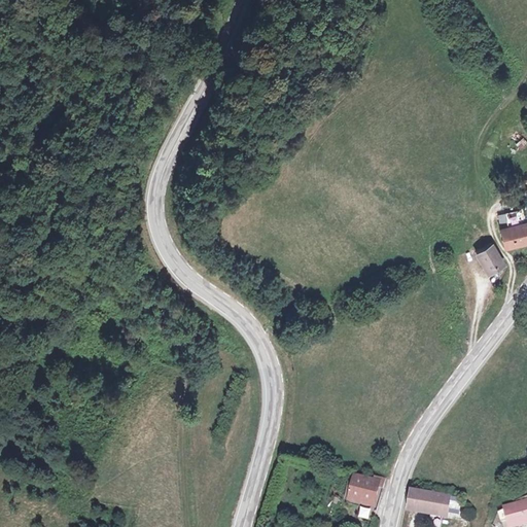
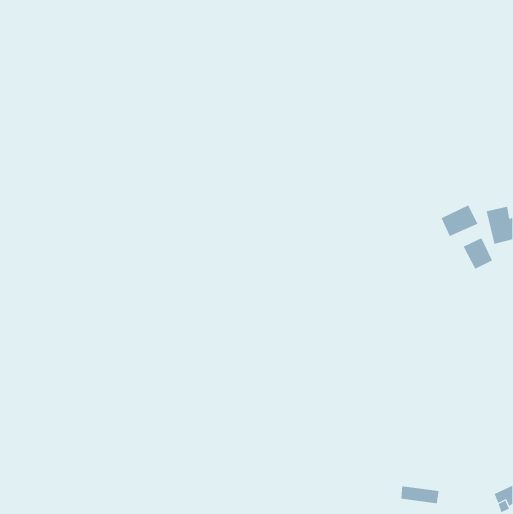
building: none -> [441,205,478,237]
building: [349,473,383,515] -> none

